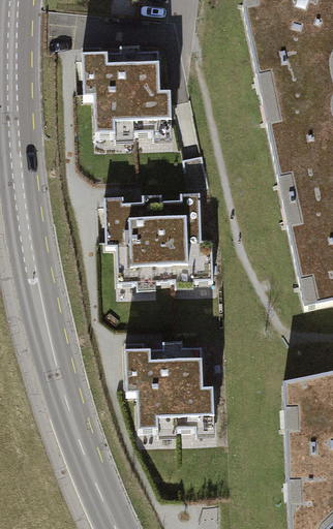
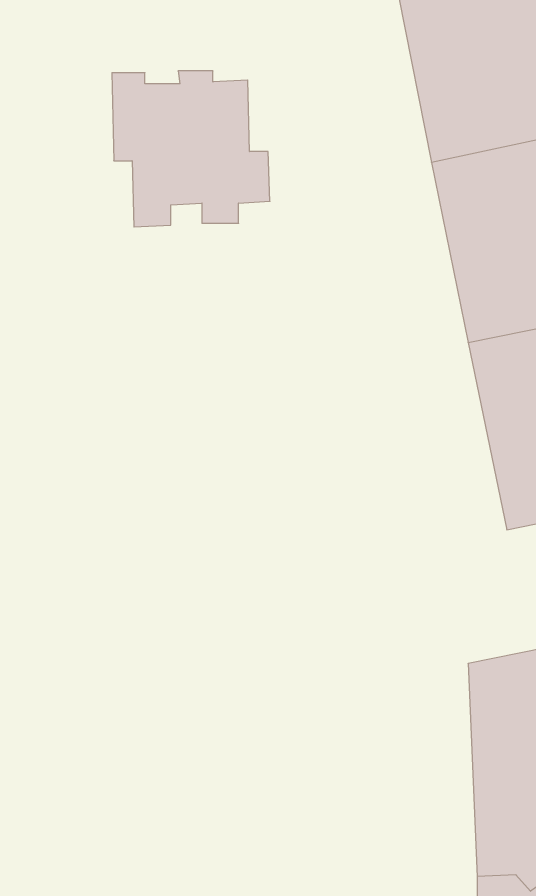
building: [105,191,213,279] -> none
building: [126,342,215,430] -> none

